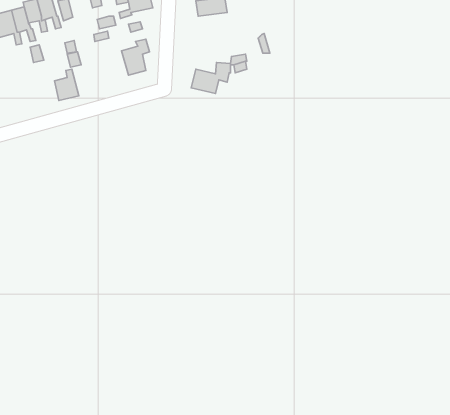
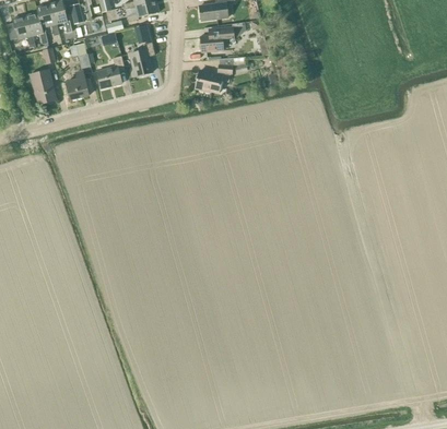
building: none -> [200,27,234,51]
building: none -> [97,55,125,87]
building: none -> [30,69,57,104]

